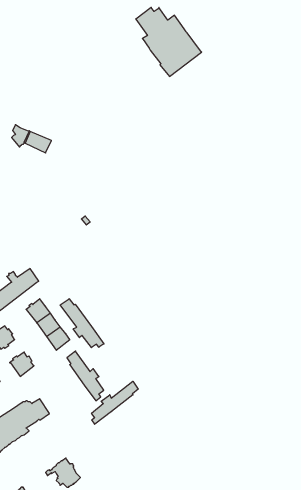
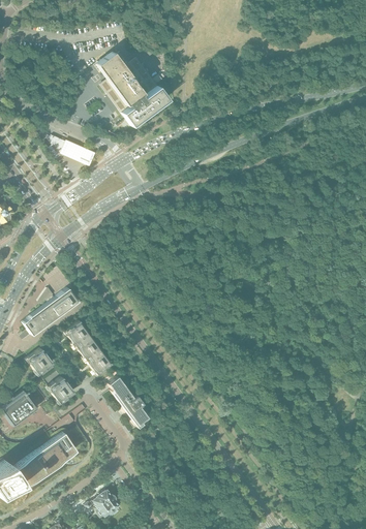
building: [136,7,202,76] -> [96,51,166,124]
building: [60,299,104,348] -> none
building: [92,381,138,424] -> none

